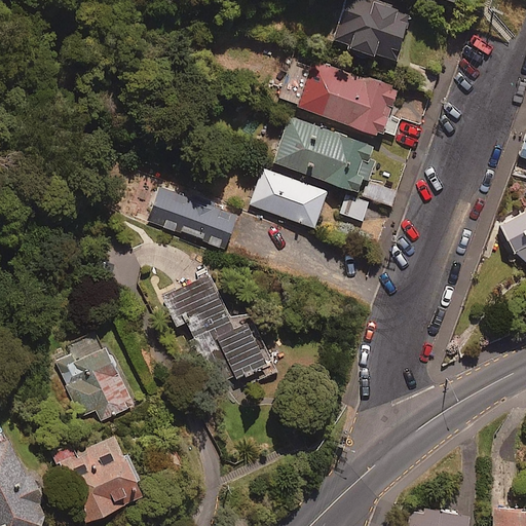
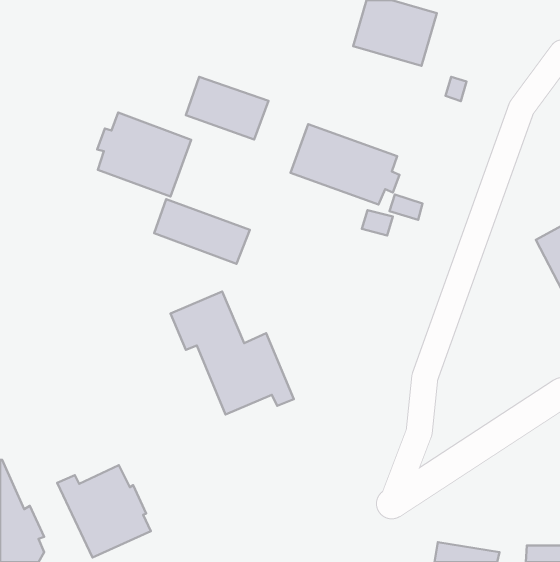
building: [281,62,401,138] -> none
building: none -> [97,112,191,197]
building: [251,168,328,227] -> [186,77,268,139]
building: [54,332,134,421] -> none

